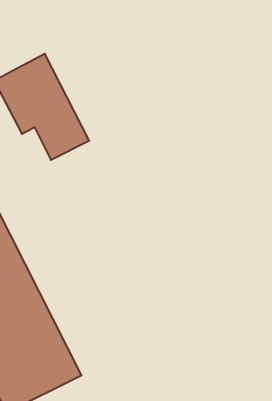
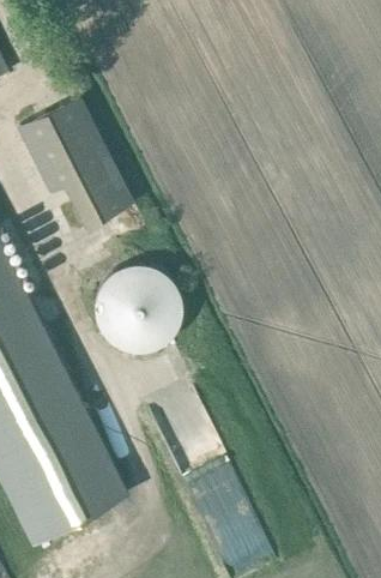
building: none -> [96,264,183,351]

